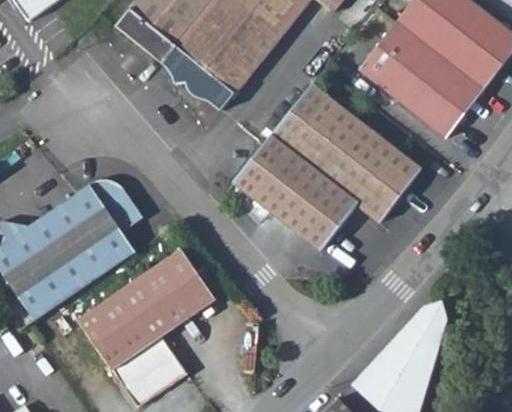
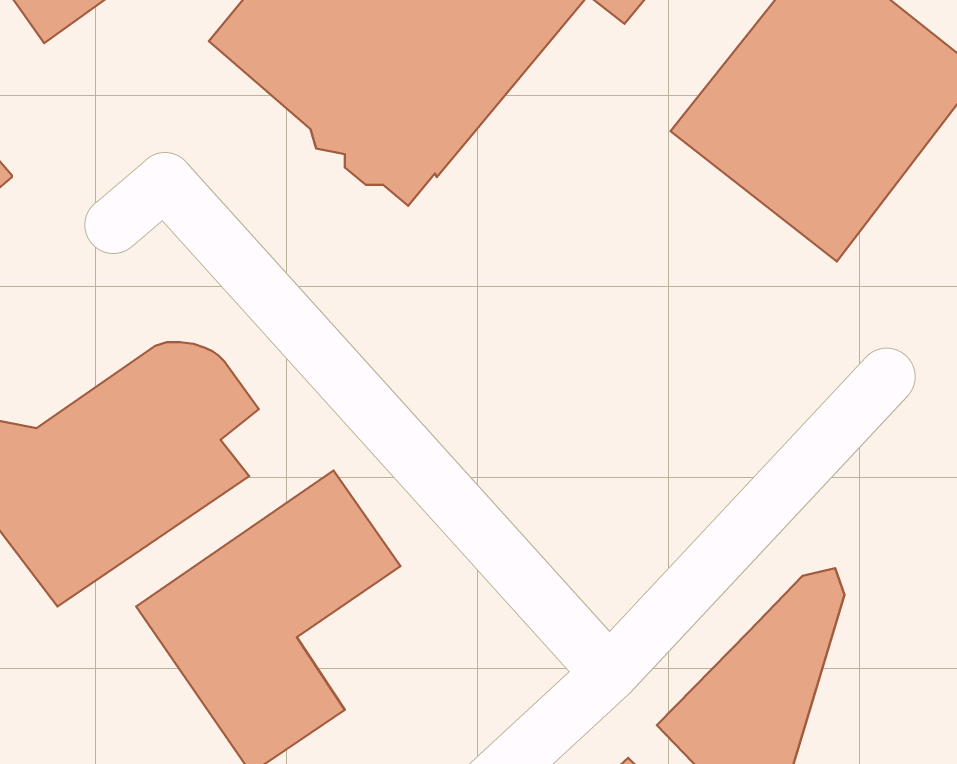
building: [233,84,420,249] -> none

